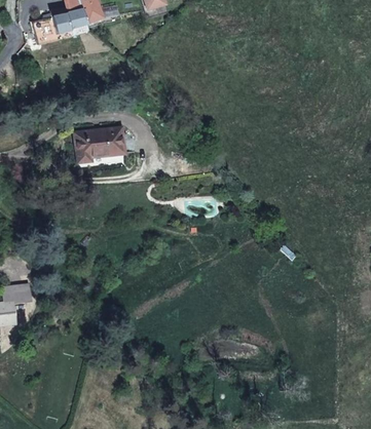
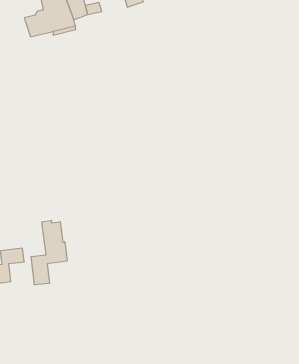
building: [75,127,124,162] -> none
building: none -> [31,220,67,285]

